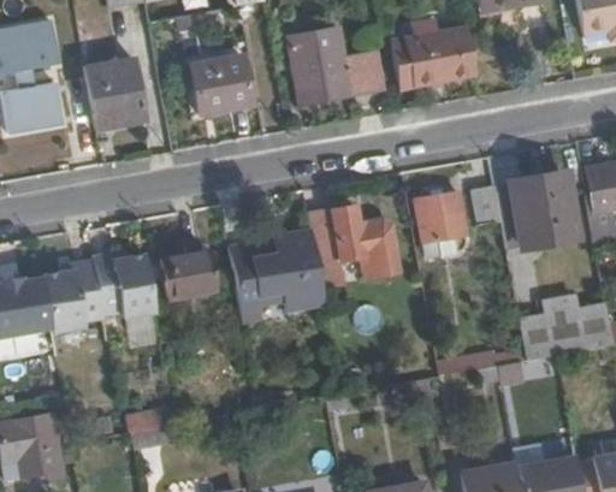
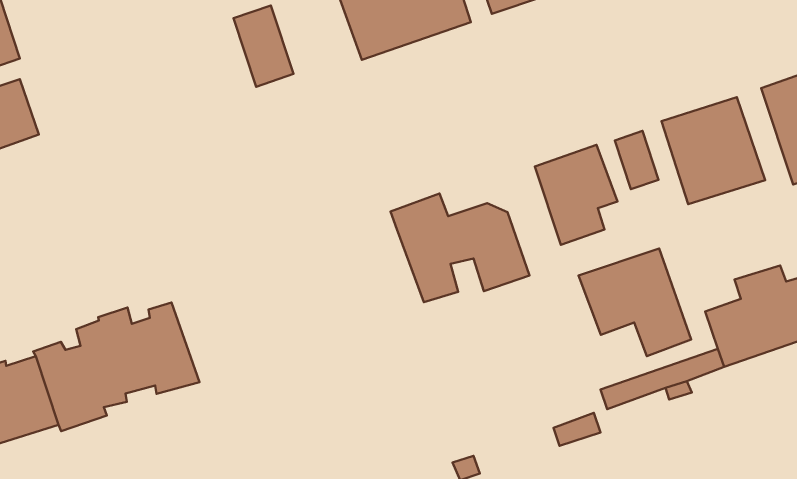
building: [88,60,148,126] -> none
building: [189,61,226,117] -> none
building: [227,227,324,325] -> none
building: [159,249,212,296] -> none
building: none -> [579,249,691,356]

